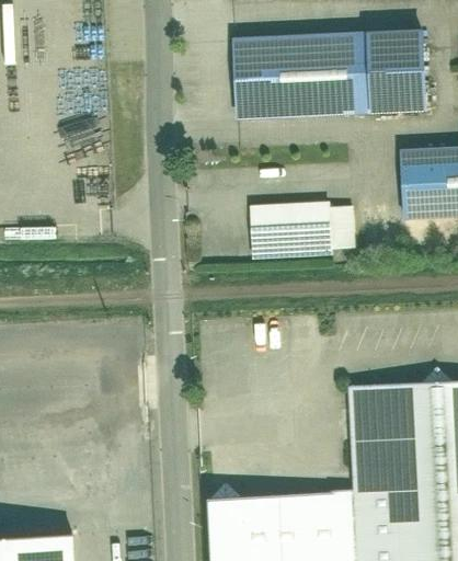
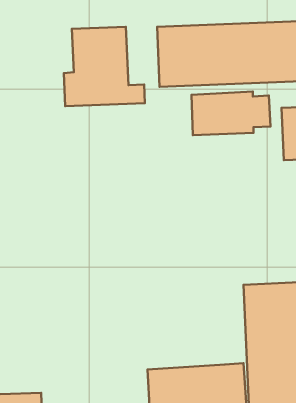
building: none -> [64,27,145,106]
building: [249,201,356,260] -> [191,92,270,135]

